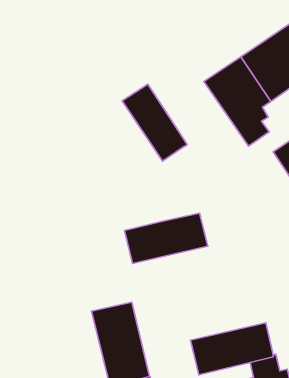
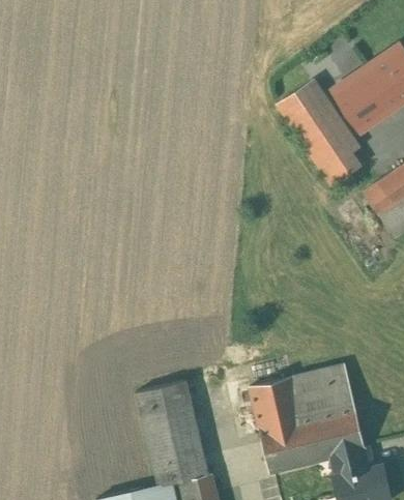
building: [122,84,187,161] -> none
building: [124,213,208,264] -> [251,366,355,430]

